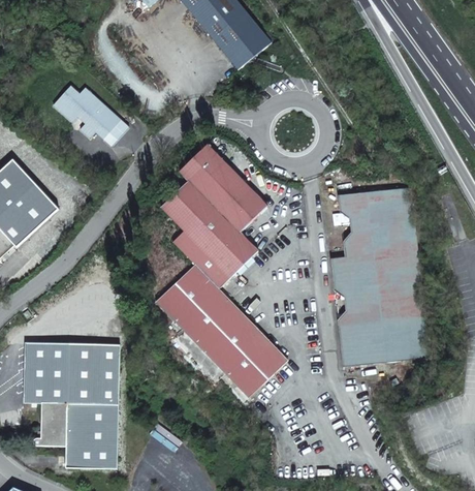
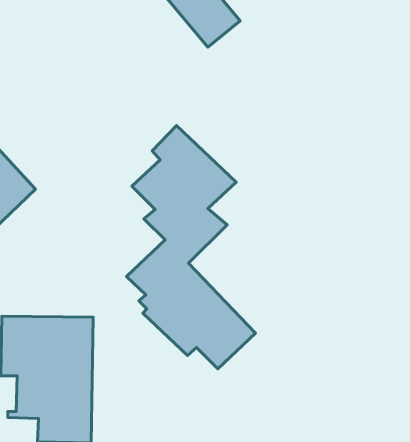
building: [55,87,127,143] -> none
building: [330,188,431,366] -> none

